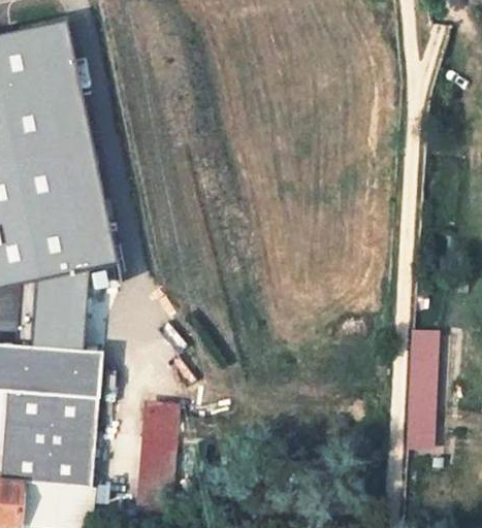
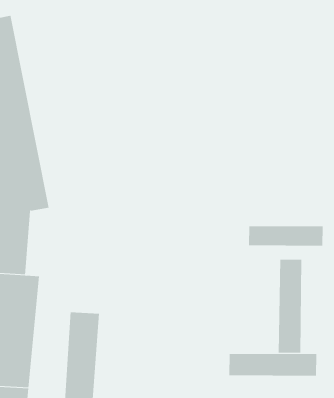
building: none -> [249,225,323,246]
building: none -> [229,353,317,377]

